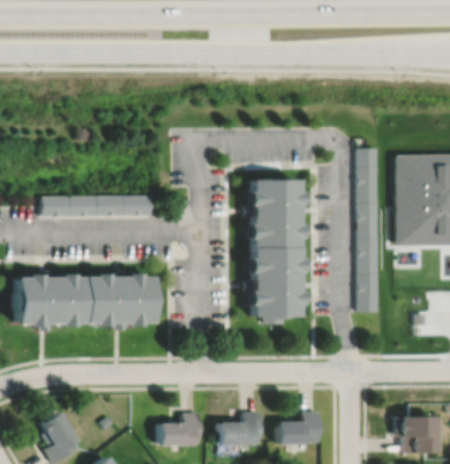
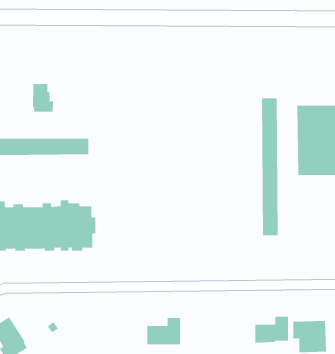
building: none -> [33,83,54,113]
building: [245,179,305,325] -> none
building: [280,410,320,442] -> [254,316,289,343]
building: [160,411,200,442] -> none

